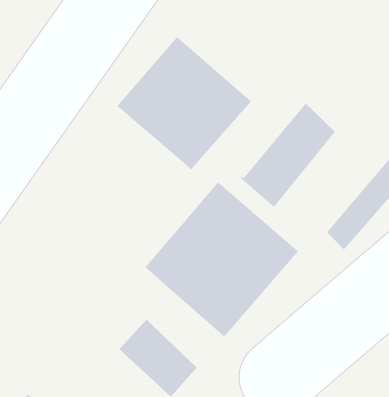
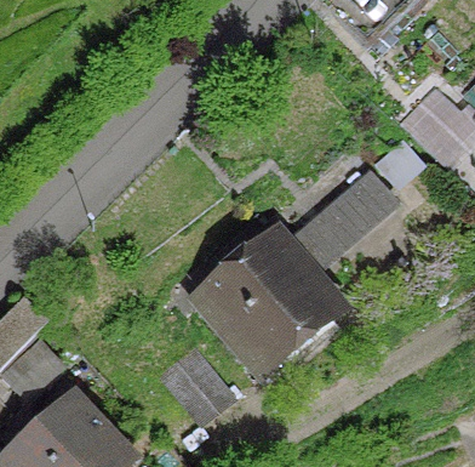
building: [116,36,252,170] -> none

